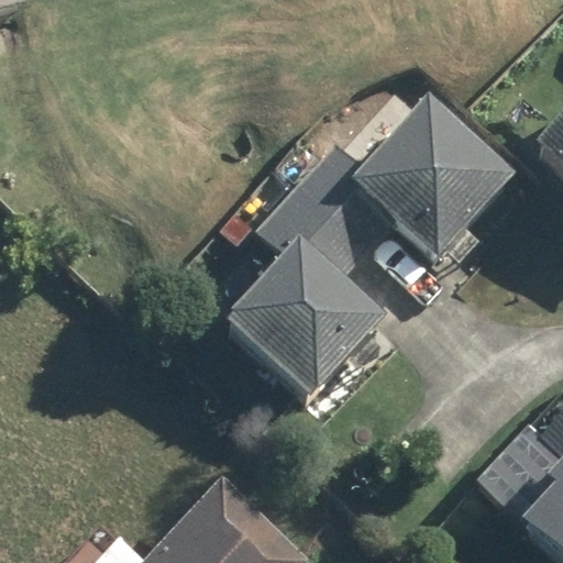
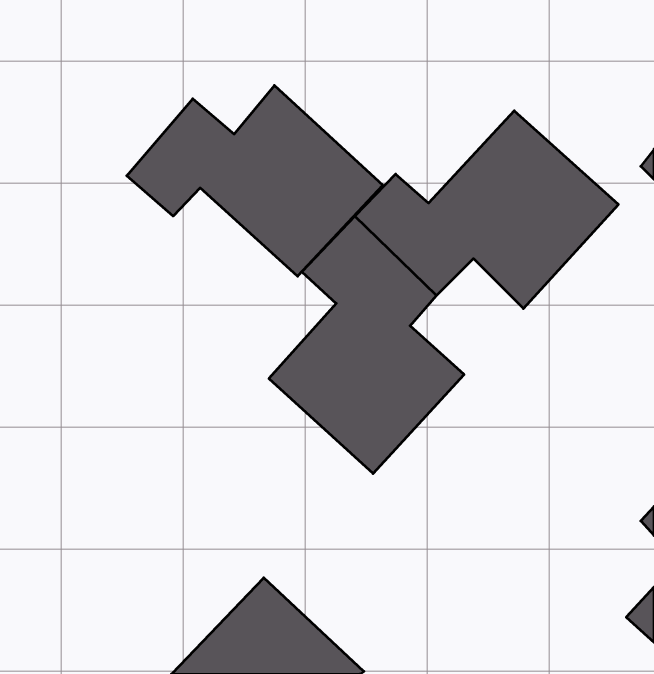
building: none -> [127,85,383,276]

